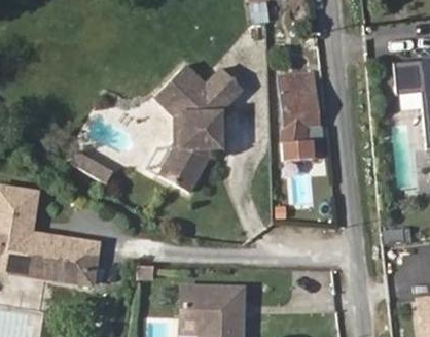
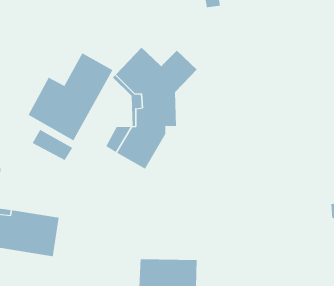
building: none -> [28,52,113,141]
building: [281,73,317,142] -> none

